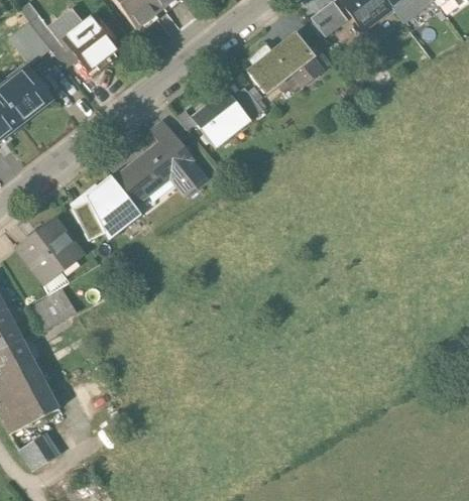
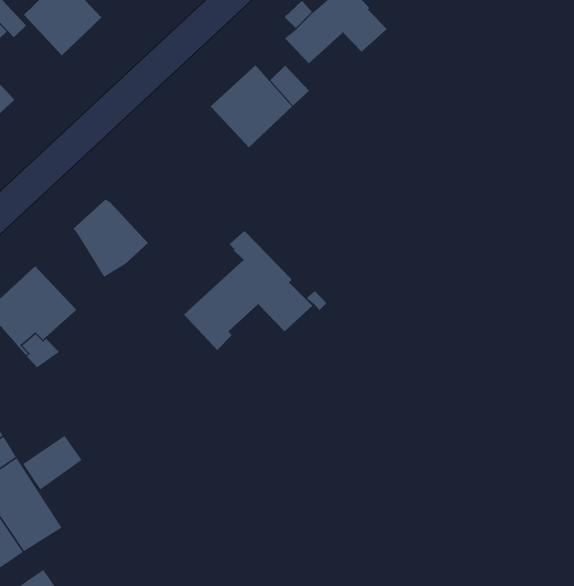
building: [114,120,208,205] -> [183,230,313,351]
building: [74,199,105,239] -> none
building: [31,288,75,327] -> [22,435,82,491]

